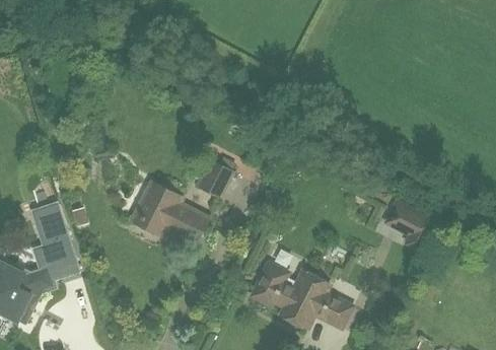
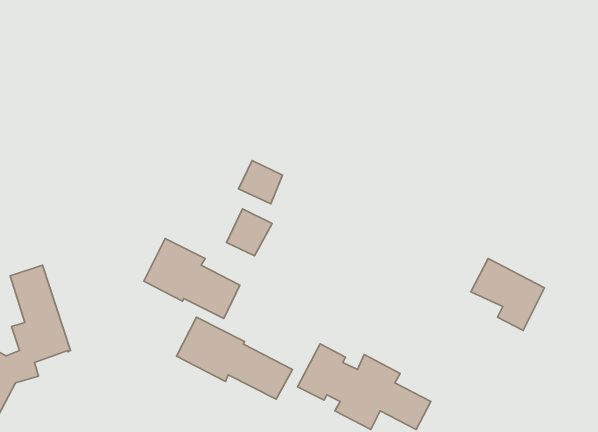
building: none -> [239,160,283,204]
building: none -> [176,317,293,399]

